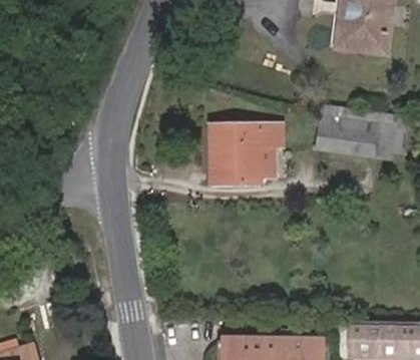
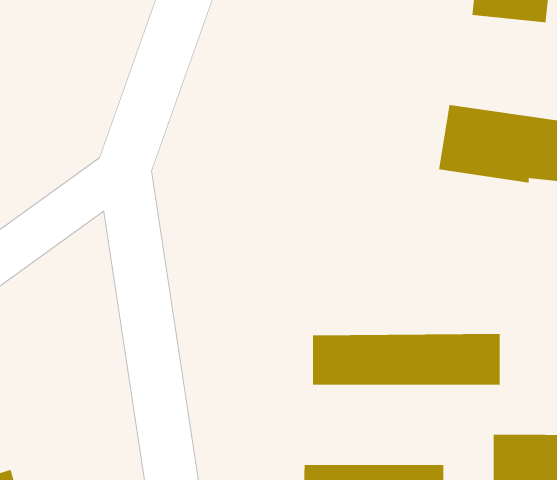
building: [212,125,283,182] -> none
building: none -> [312,333,501,386]

